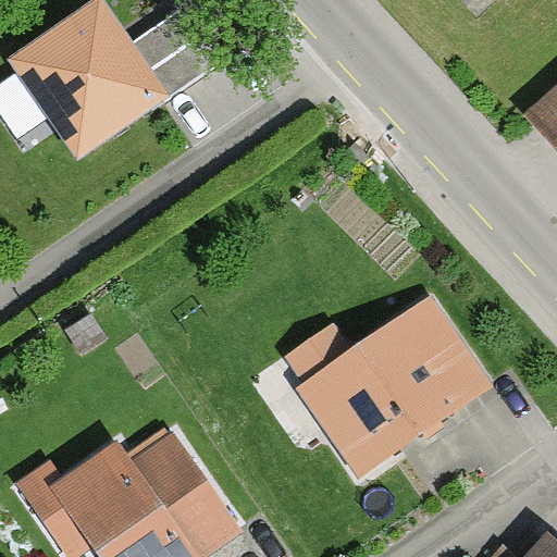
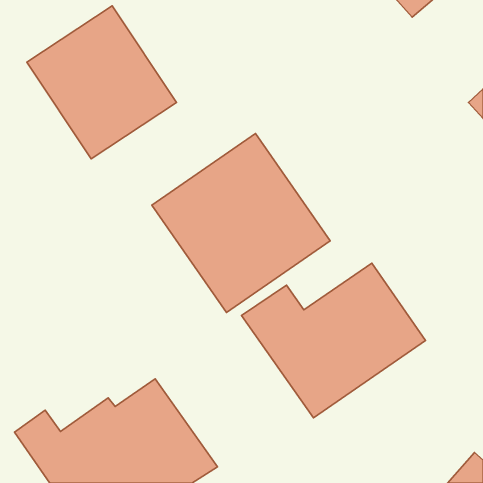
building: none -> [152,134,330,313]

